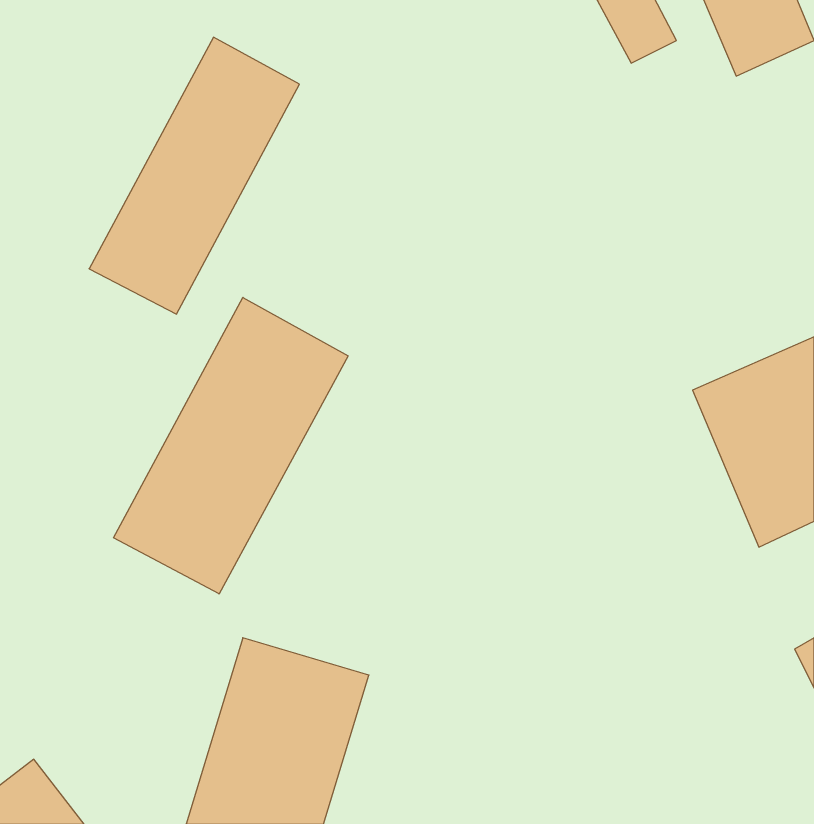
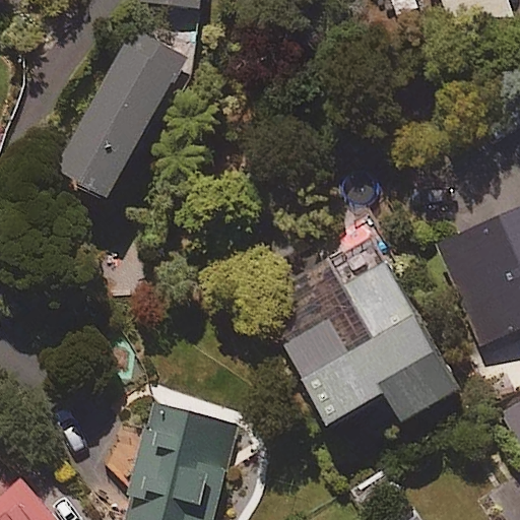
building: [114,297,348,594] -> none
building: none -> [281,258,463,425]

